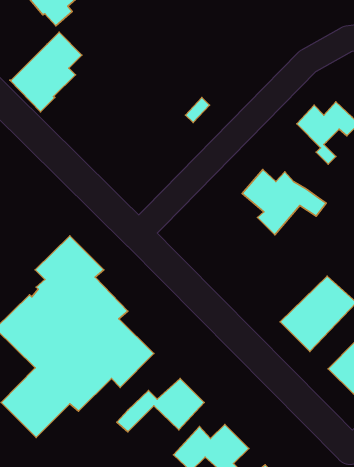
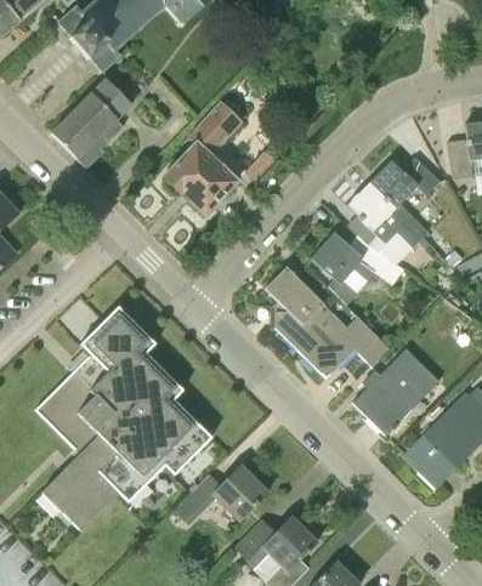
building: none -> [165,101,244,215]
building: none -> [348,181,429,263]
building: none -> [266,266,390,379]

